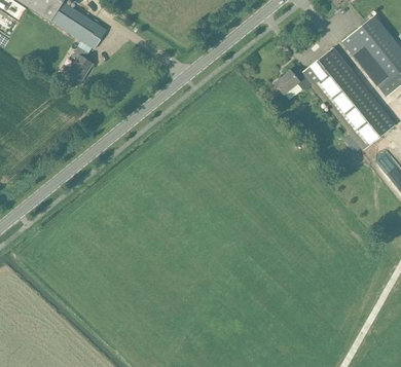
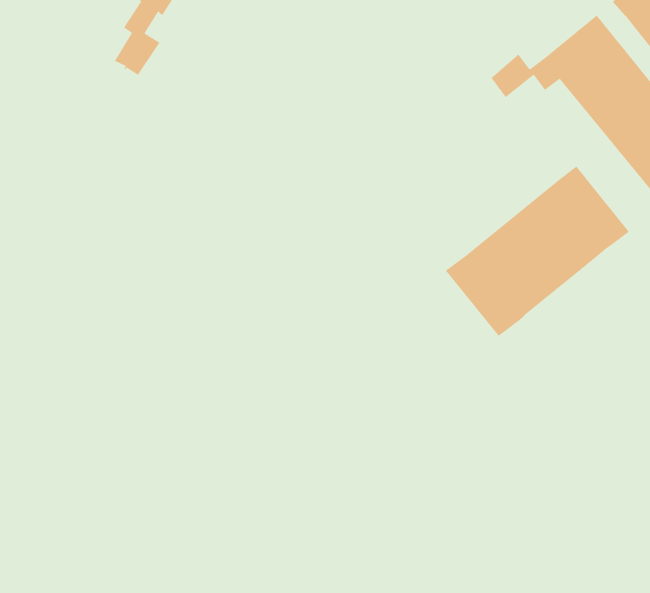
building: none -> [445,166,630,337]

